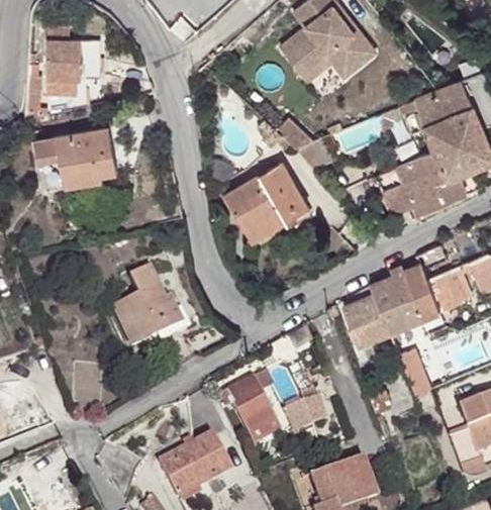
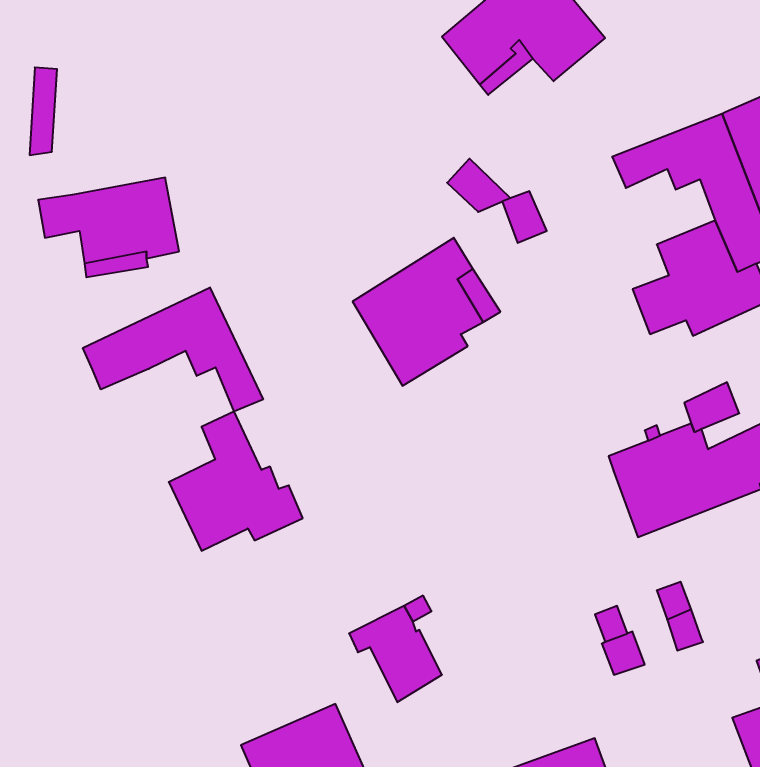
building: [47,28,101,90] -> none
building: none -> [83,287,263,411]
building: [341,298,389,348] -> none
building: [284,395,327,429] -> none

